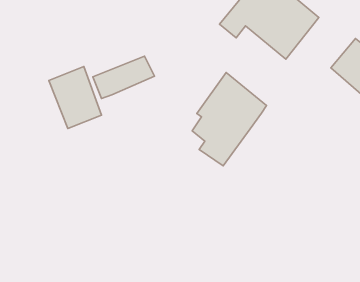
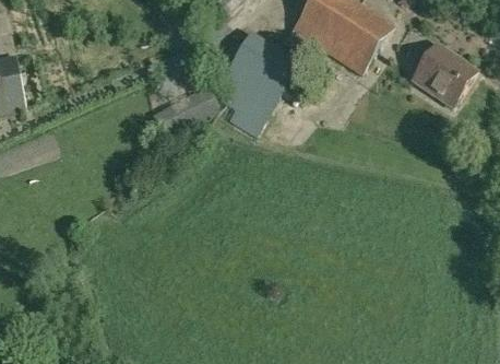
building: [49,66,102,128] -> none
building: [192,73,266,166] -> [217,32,296,134]

